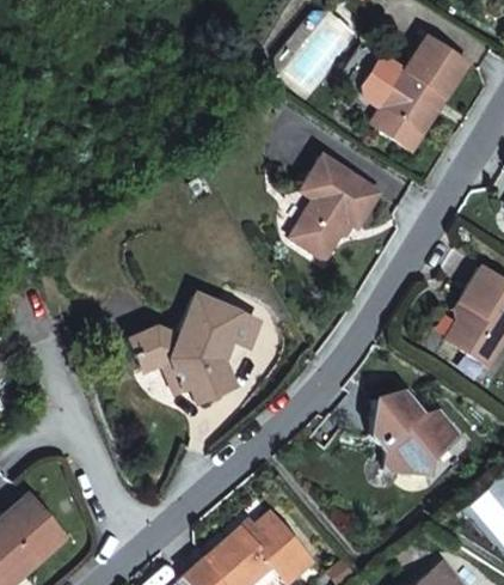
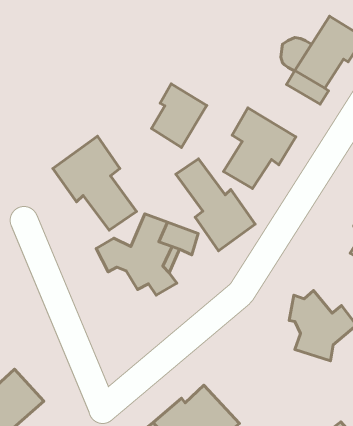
building: none -> [151,84,207,148]
building: none -> [53,136,136,230]
building: none -> [176,159,255,251]

